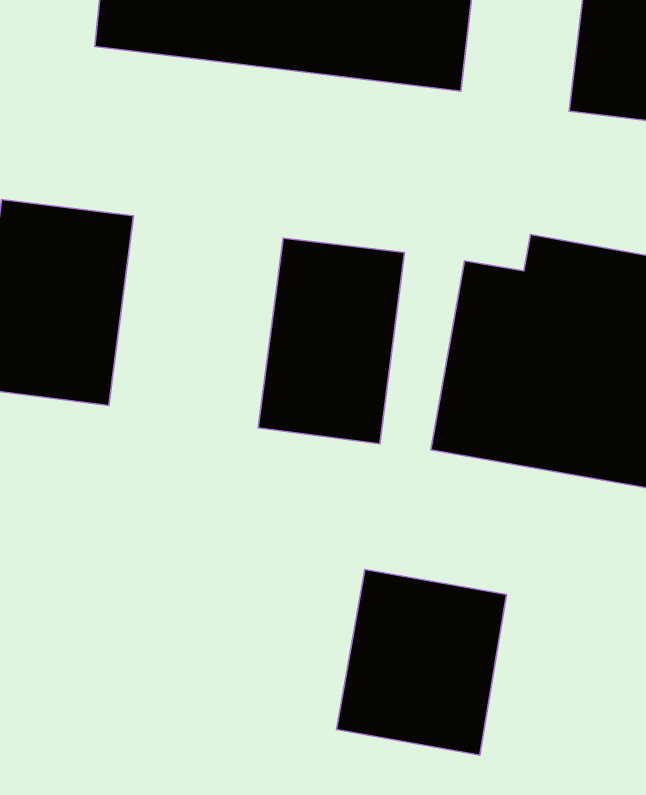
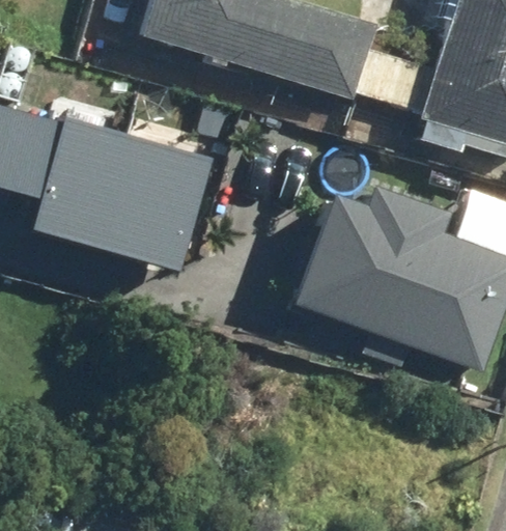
building: [258,238,404,444] -> [111,140,214,271]
building: [336,570,507,755] -> none

